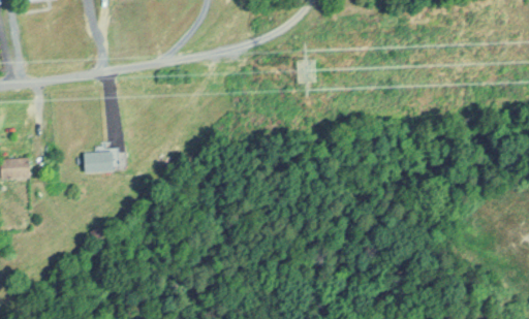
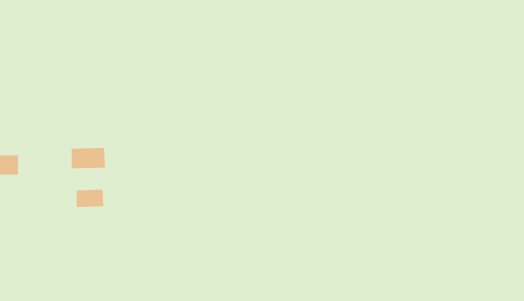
building: none -> [76,189,104,208]

